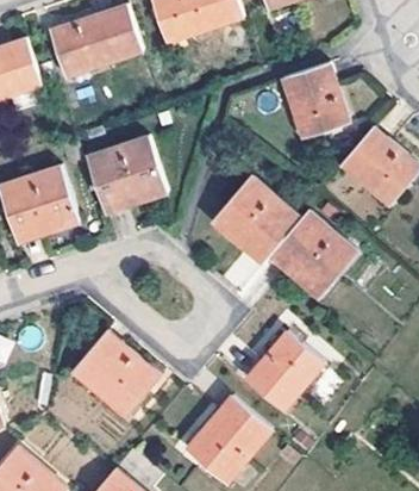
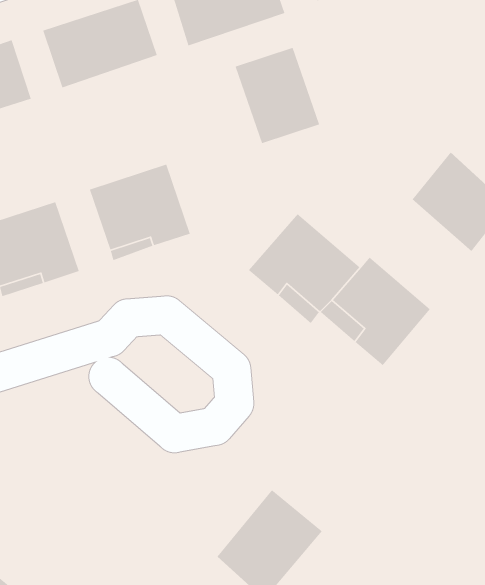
building: [277,68,345,145] -> [235,47,320,144]
building: [246,328,326,409] -> none
building: [73,330,160,415] -> none

